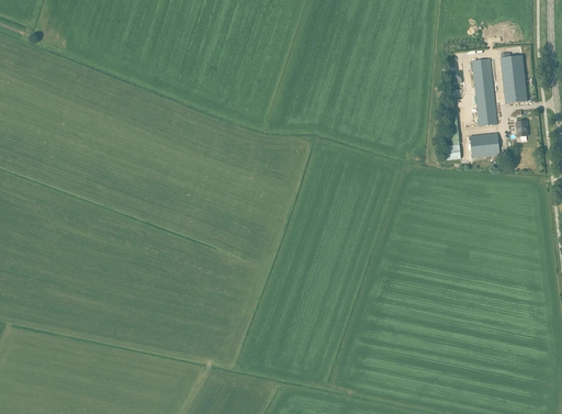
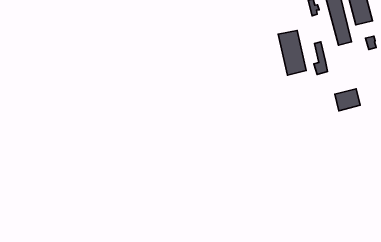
building: none -> [278,31,306,75]
building: [469,133,499,158] -> [335,89,360,111]

